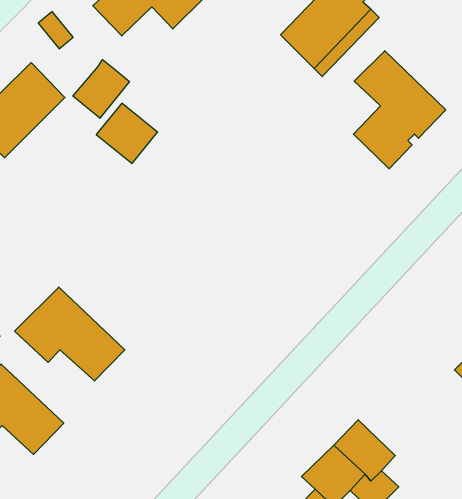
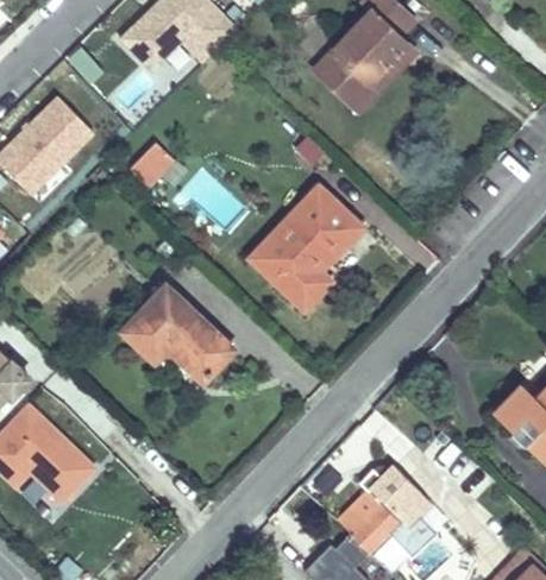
building: [353,51,446,169] -> none
building: [73,60,129,118] -> none
building: none -> [250,185,360,307]
building: [15,287,125,381] -> [119,283,232,379]

